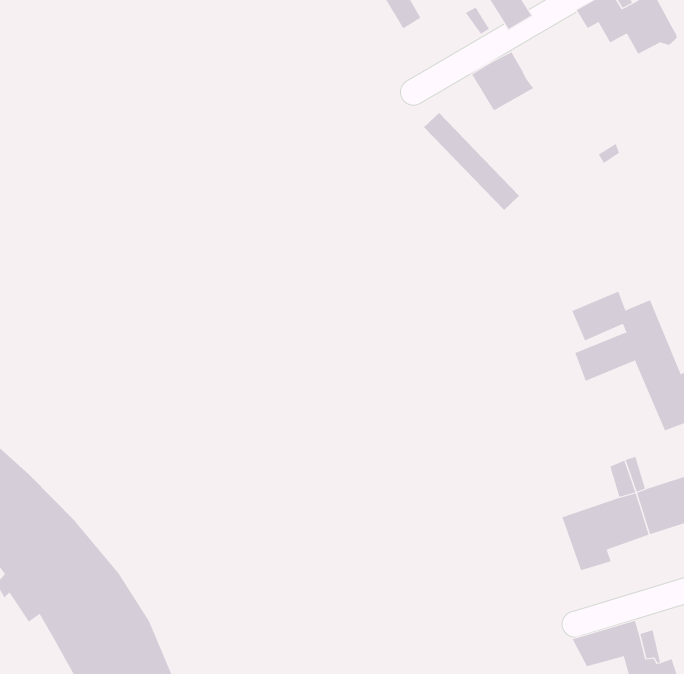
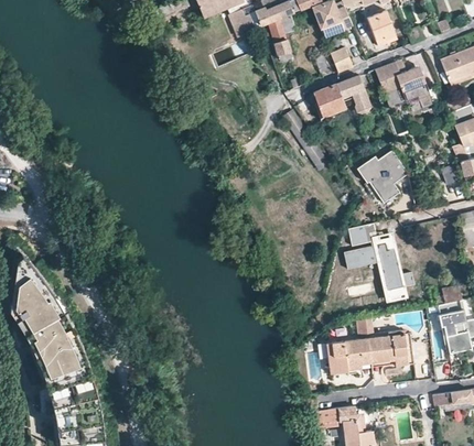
building: none -> [338,76,371,116]
building: none -> [363,150,412,202]

